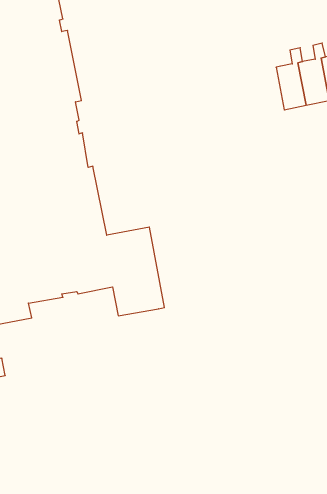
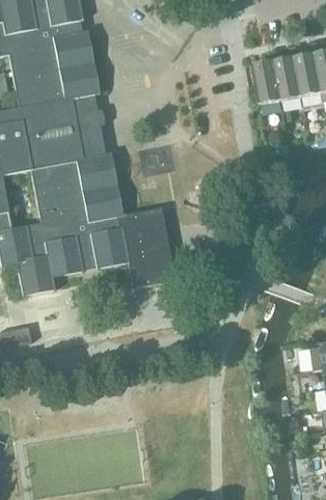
building: none -> [252,49,282,105]

